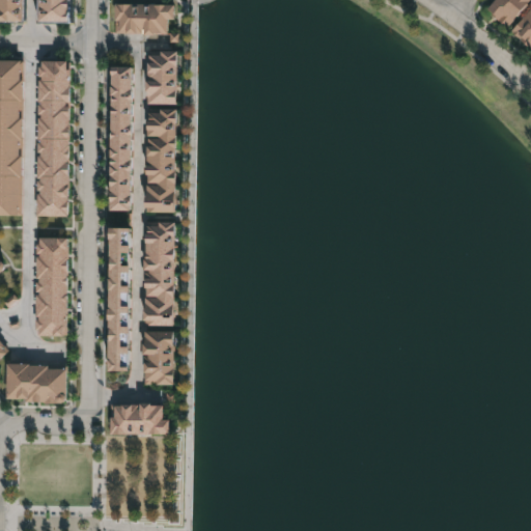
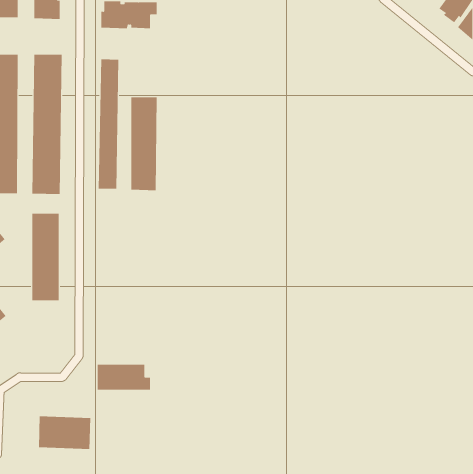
building: [145,49,176,103] -> none
building: [143,221,173,326] -> none
building: [107,227,128,371] -> none
building: [142,331,172,385] -> none
building: [7,364,66,401] -> [38,416,91,449]

